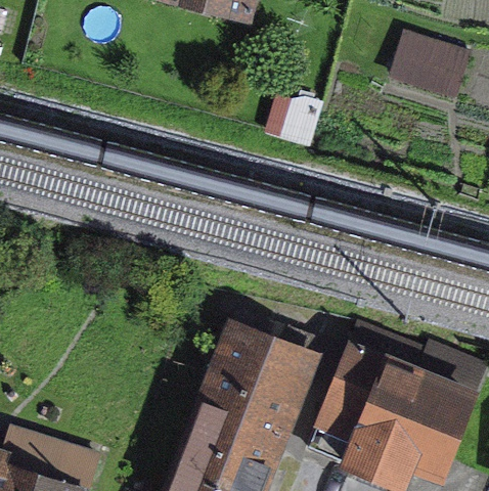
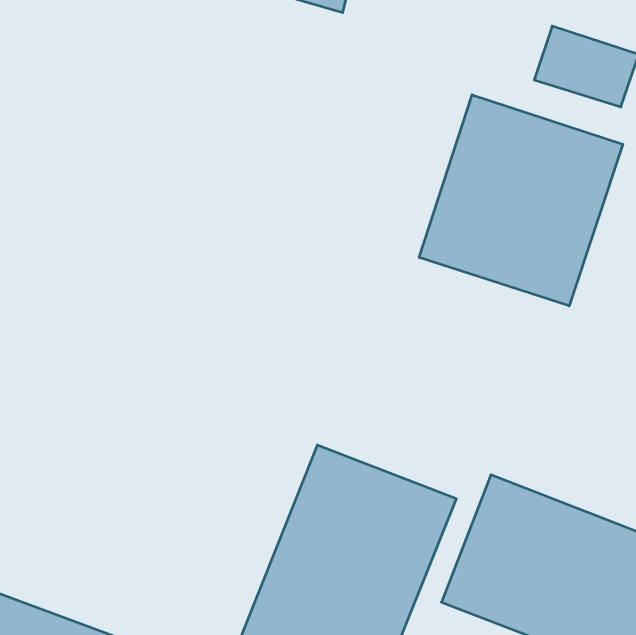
building: none -> [419,95,623,306]

